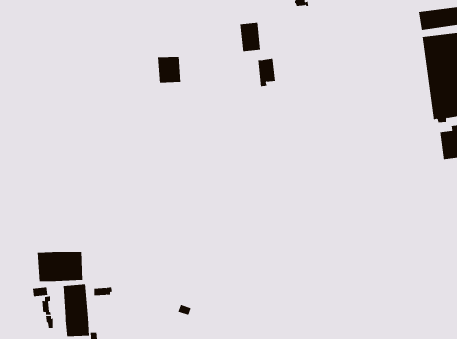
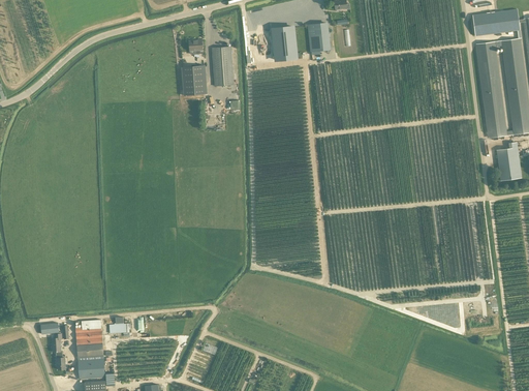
building: none -> [211,47,232,86]
building: [257,58,276,87] -> [308,23,329,55]
building: [37,251,83,282] -> none

